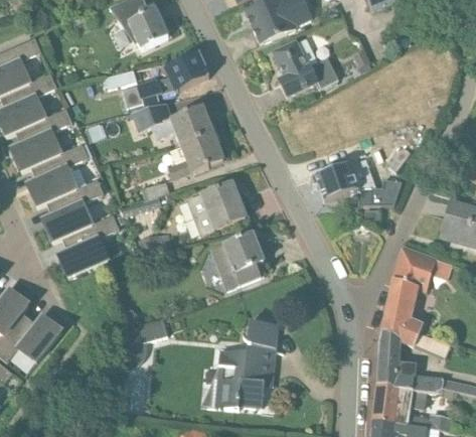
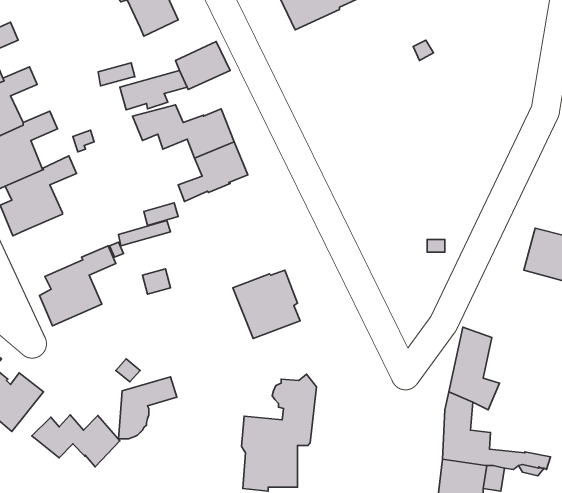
building: [274,38,338,96] -> none
building: [315,157,402,205] -> none
building: [42,178,104,243] -> none
building: [187,182,246,234] -> none
building: [393,247,437,290] -> none
building: none -> [32,415,120,467]

